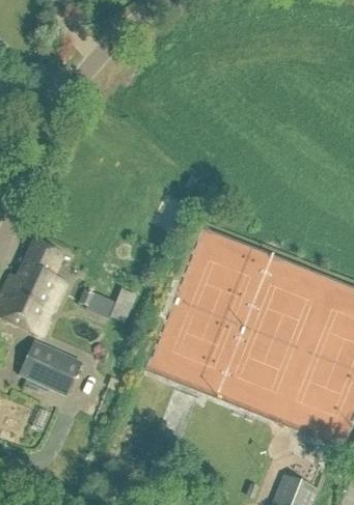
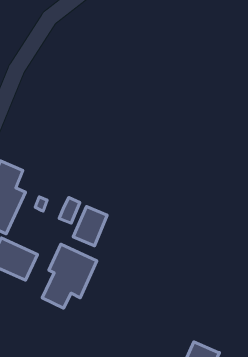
building: none -> [73,206,107,246]
building: none -> [42,244,97,308]

